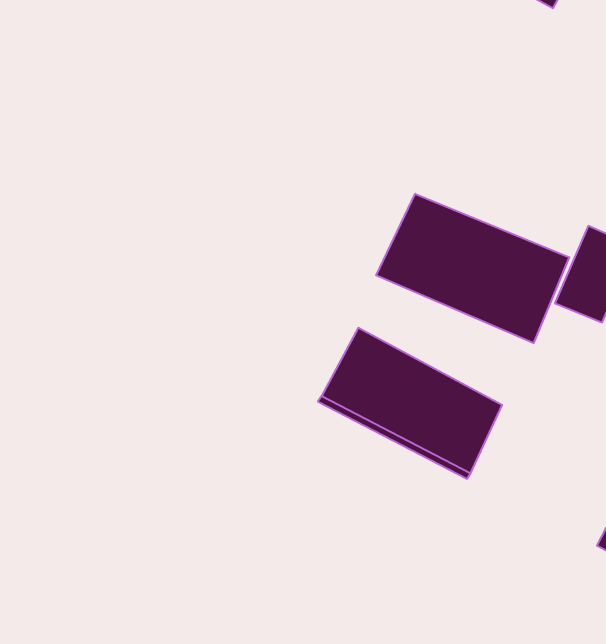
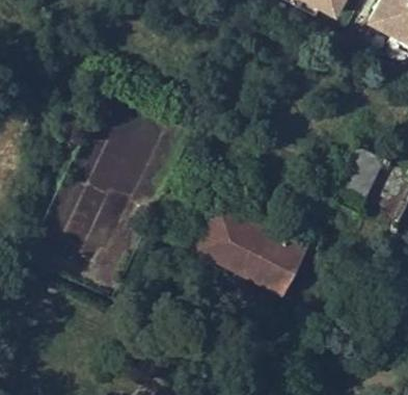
building: [376,194,569,343] -> none

